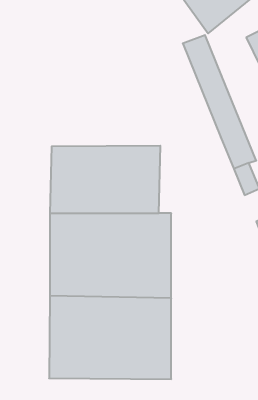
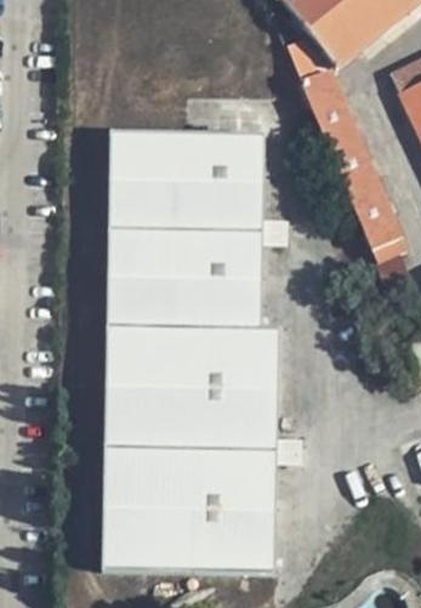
building: none -> [106,130,266,229]

